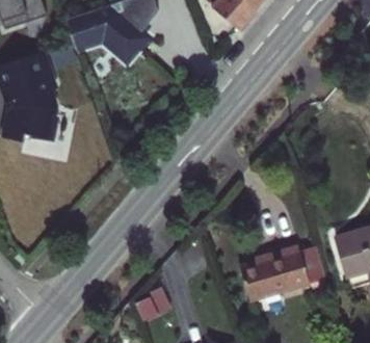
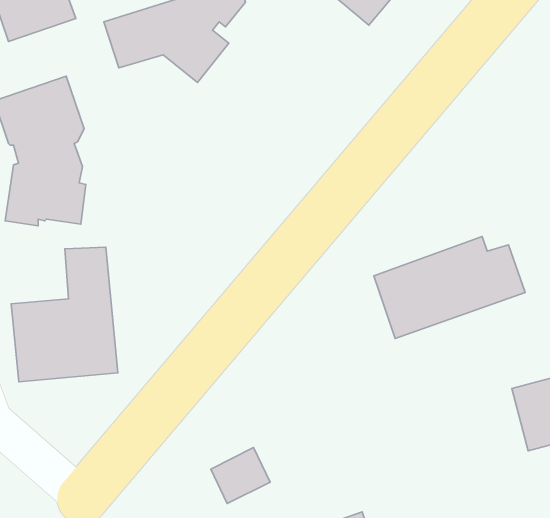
building: none -> [11,247,118,382]
building: [228,243,323,308] -> [374,236,525,338]

